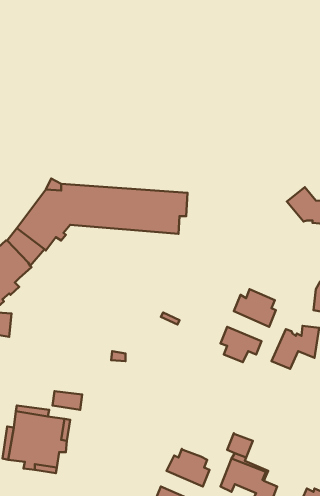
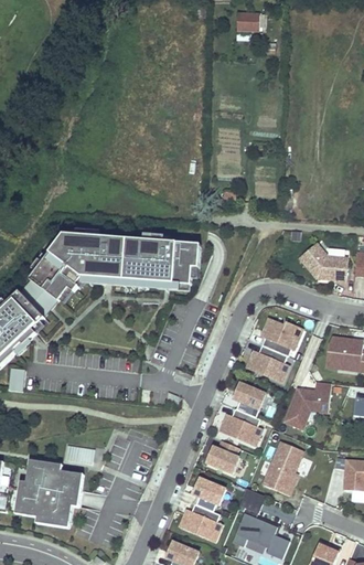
building: none -> [260,318,302,355]
building: none -> [220,408,261,445]
building: none -> [206,440,238,473]
building: none -> [263,440,303,494]
building: none -> [193,478,225,511]

